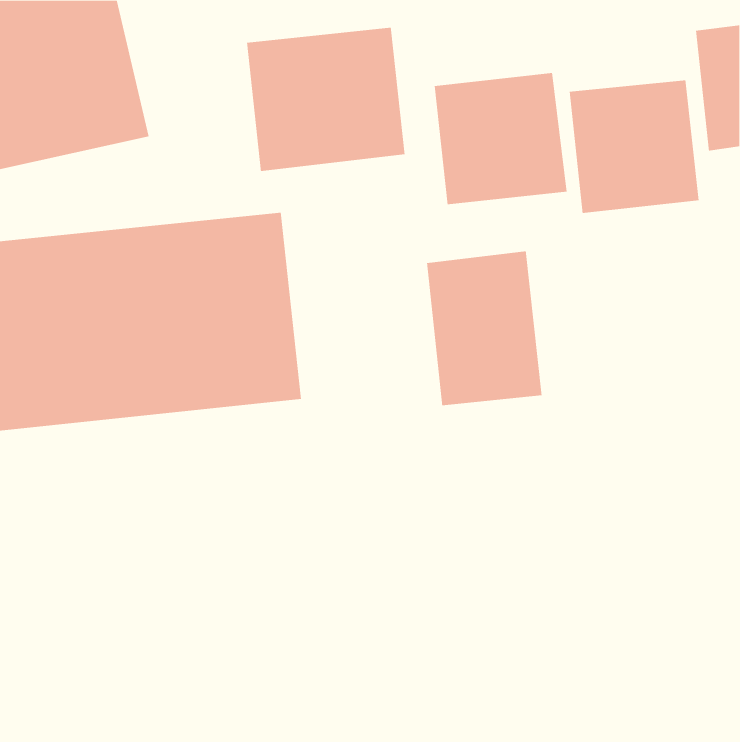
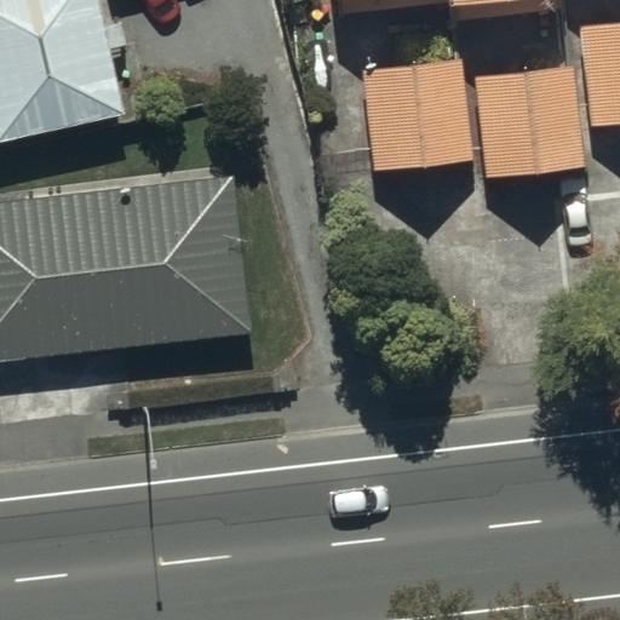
building: [246,27,405,172] -> none
building: [426,250,542,406] -> none

